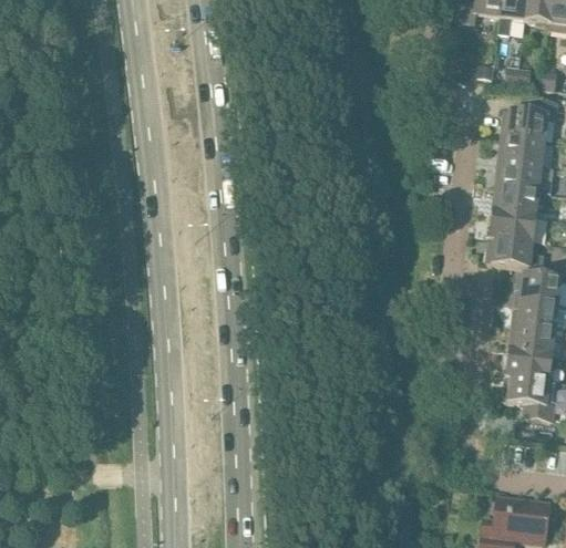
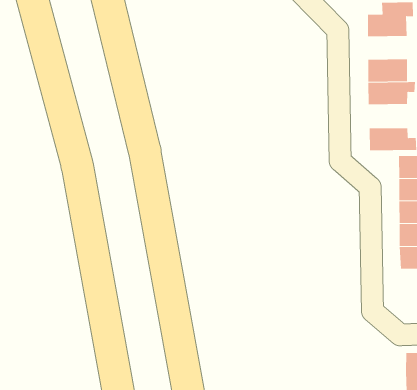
building: [498,134,547,165] -> none
building: [490,210,537,242] -> none

